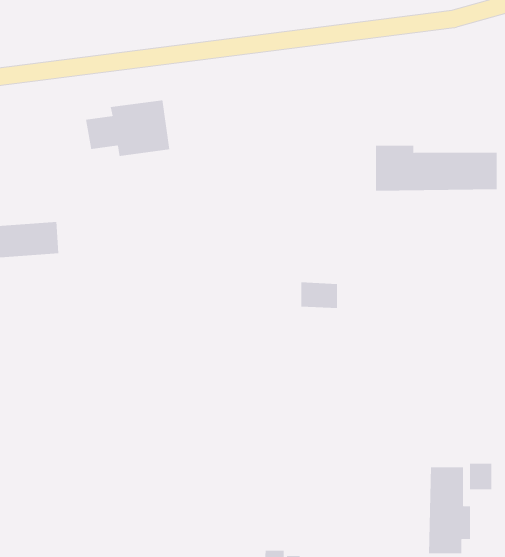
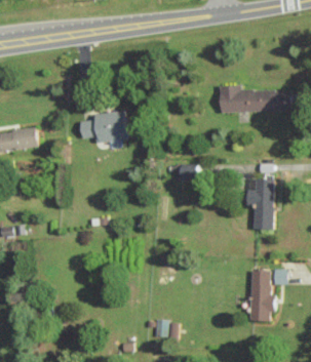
building: [85,100,170,157] -> [78,111,127,144]
building: none -> [244,179,273,231]

